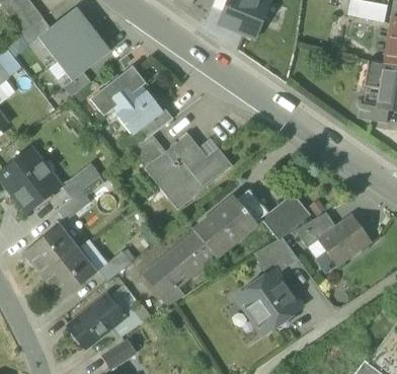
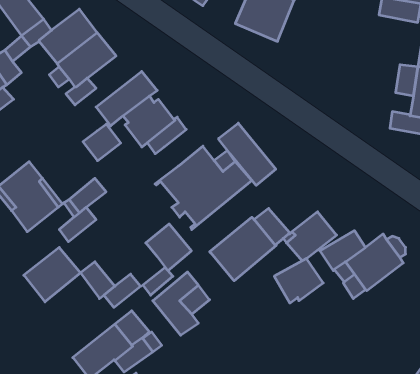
building: none -> [219,123,276,185]
building: [132,135,166,168] -> [83,124,121,161]
building: [174,231,216,274] -> [146,224,191,271]
building: [45,249,95,299] -> none
building: [239,272,300,331] -> none

